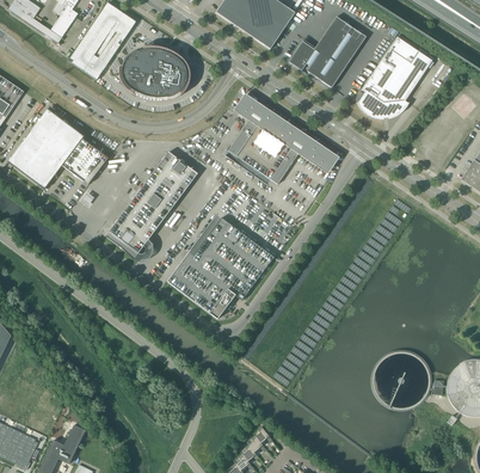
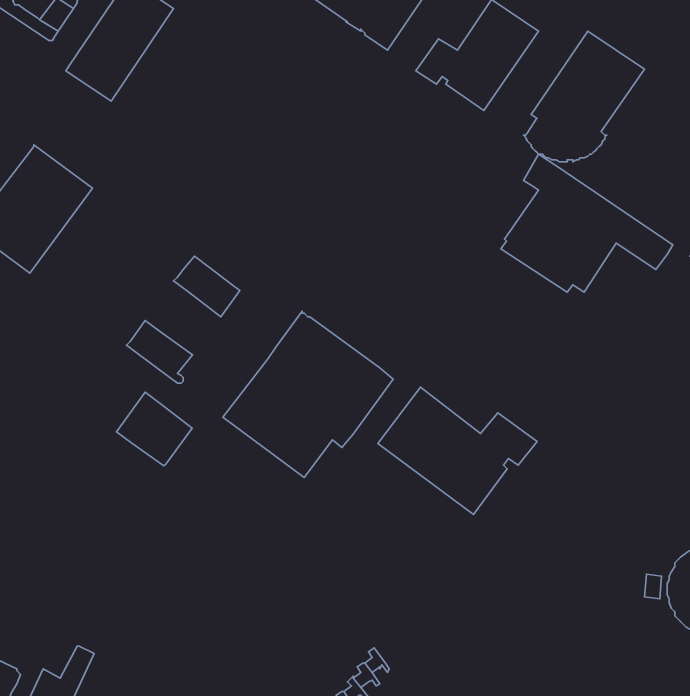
building: [122,48,186,97] -> none
building: [224,96,333,183] -> [501,154,673,292]
building: [148,150,197,199] -> none
building: [117,194,165,240] -> [117,392,192,466]
building: none -> [378,387,537,515]

